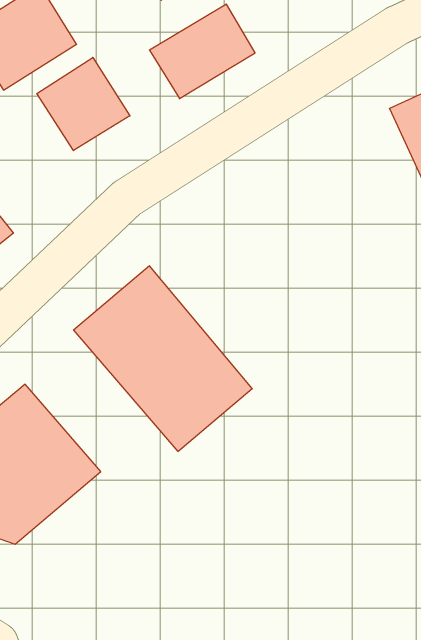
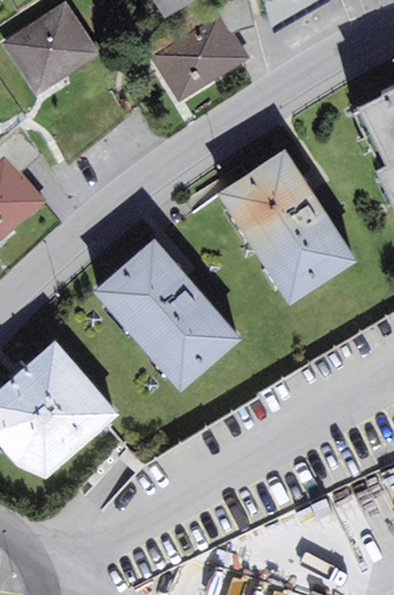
building: [37,57,130,151] -> none
building: none -> [220,150,355,300]

